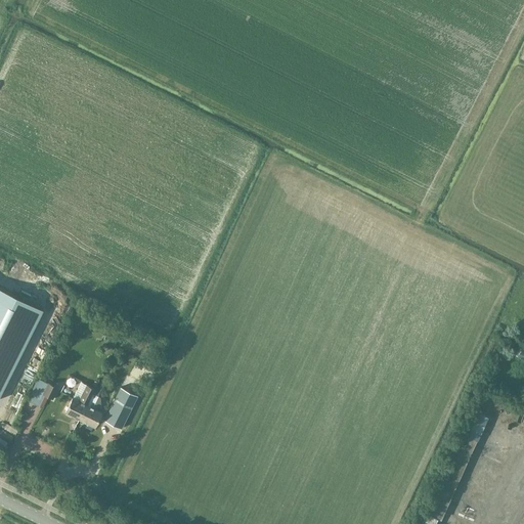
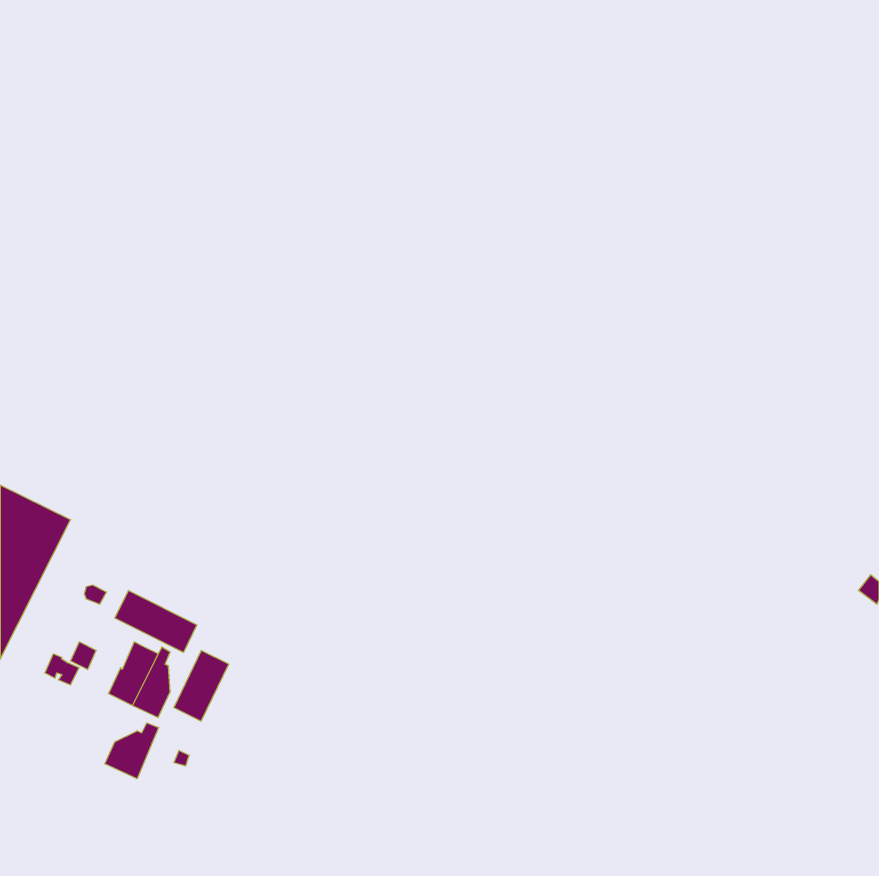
building: none -> [115,590,197,652]
building: none -> [105,723,159,779]

